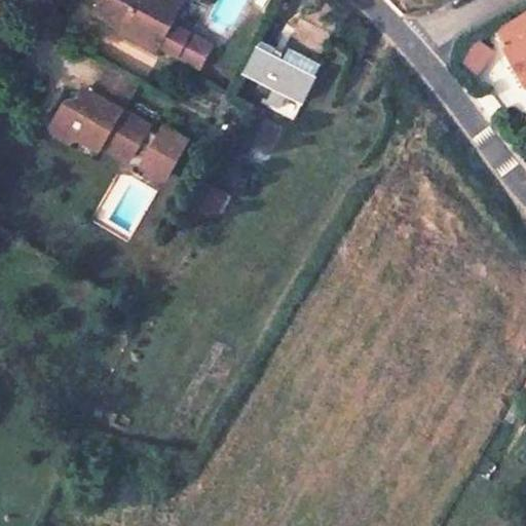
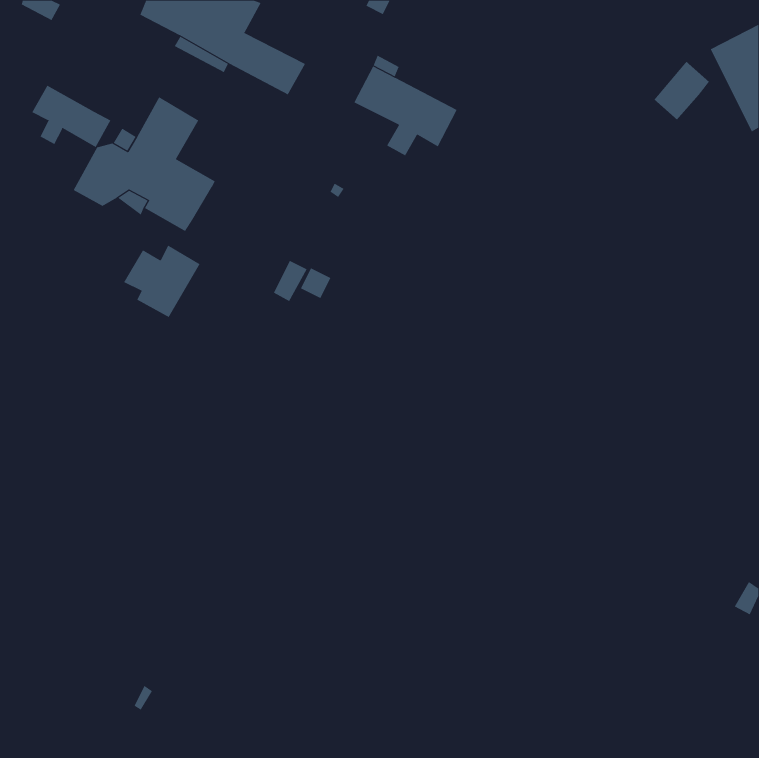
building: none -> [32,85,111,148]
building: [134,127,187,178] -> [123,245,200,318]

